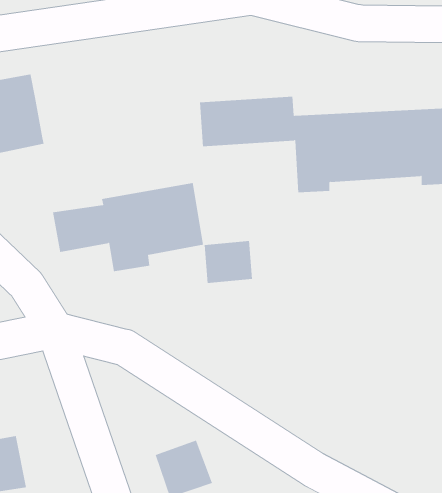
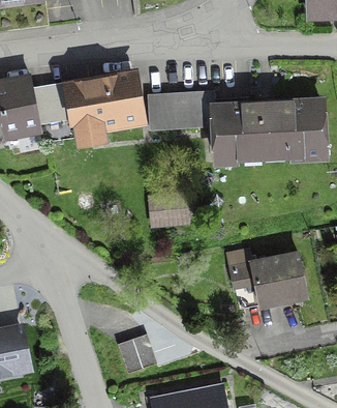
building: [52,182,204,272] -> [34,76,140,138]
building: none -> [231,256,306,307]

